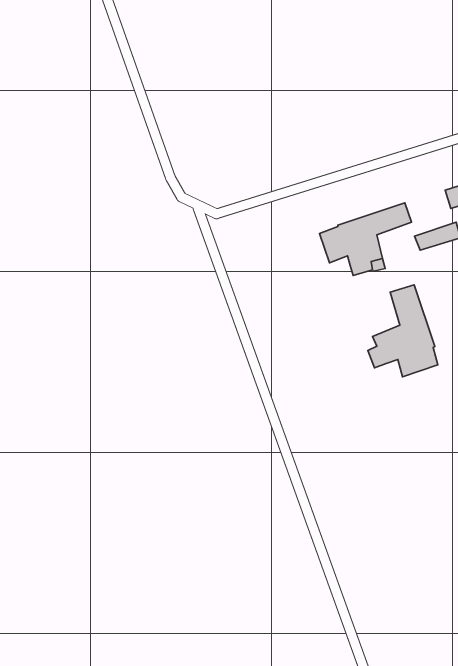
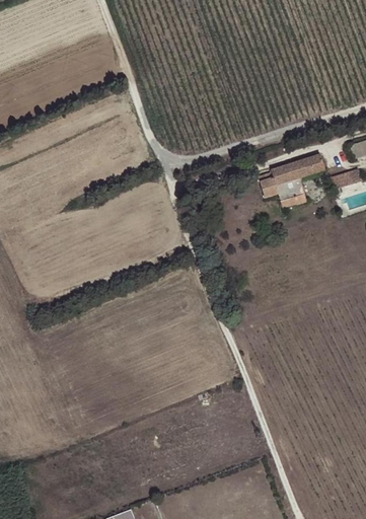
building: [368,285,438,377] -> none

